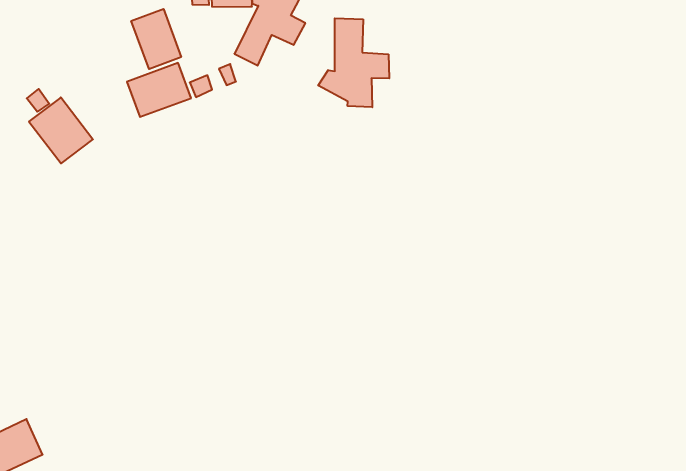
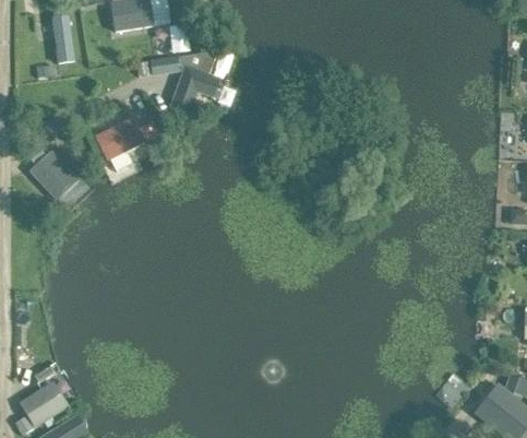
building: [131,9,181,69] -> none
building: [318,18,389,107] -> none

